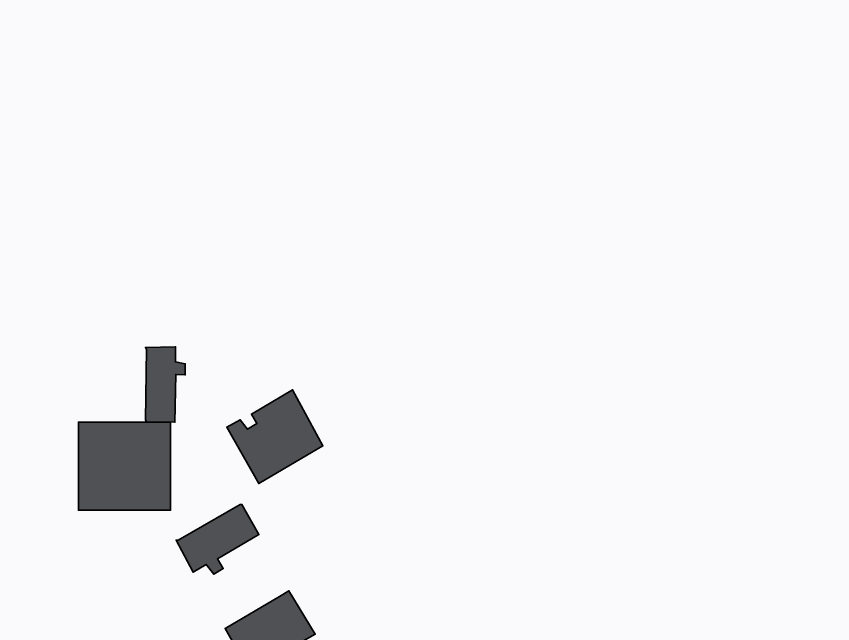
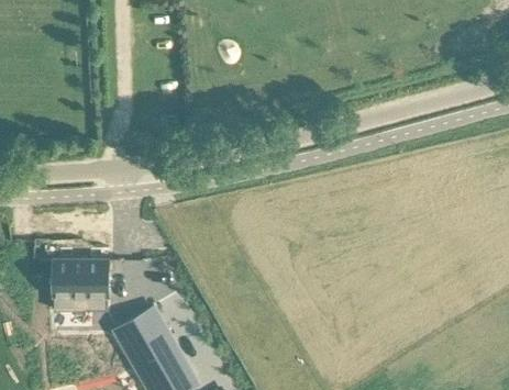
building: [146,347,185,422] -> none
building: [227,390,323,484] -> [124,321,180,376]

